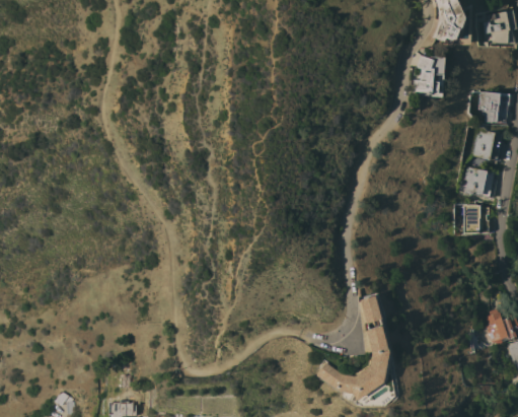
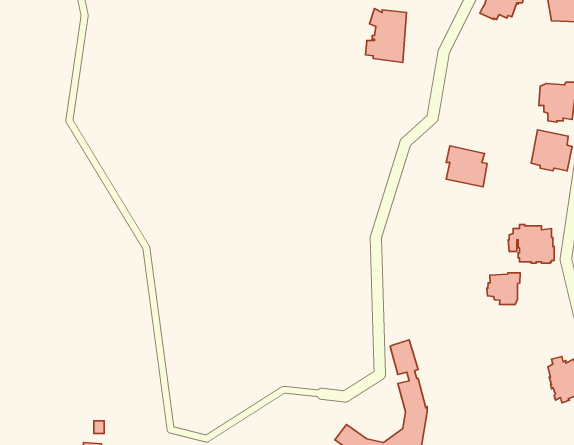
building: [413,55,445,97] -> [366,9,407,62]
building: [463,166,496,199] -> [446,146,487,187]
building: none -> [487,273,520,305]

